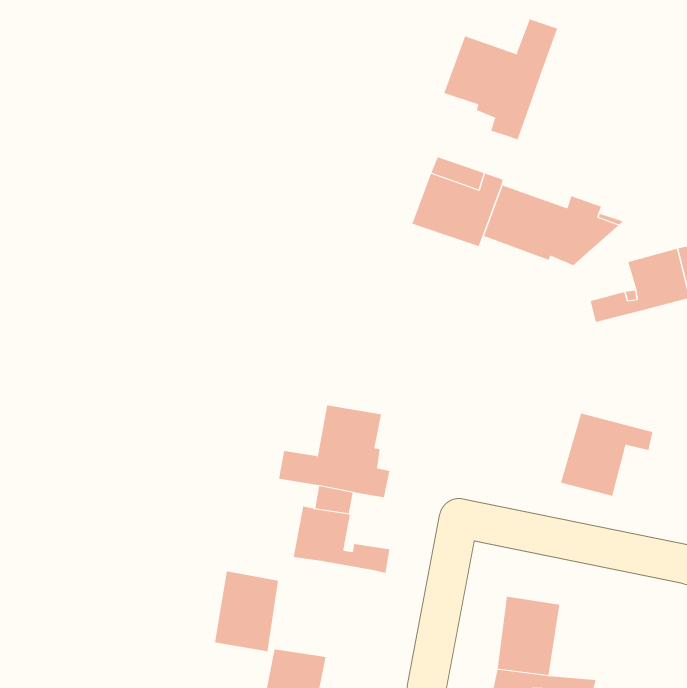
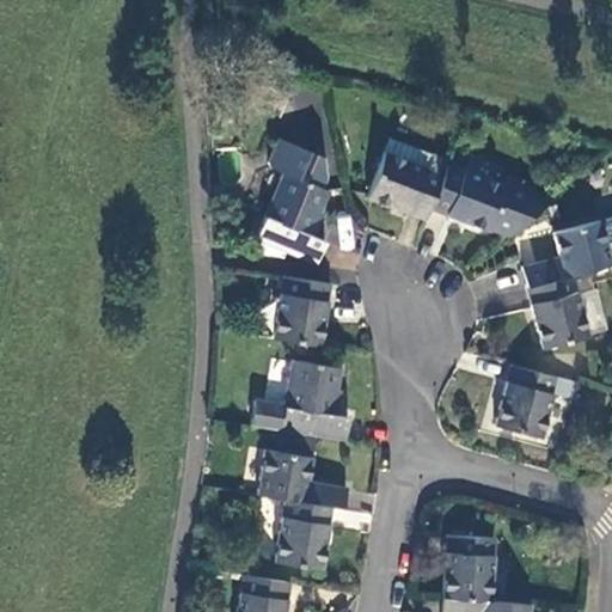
building: [444,18,558,140] -> none
building: none -> [255,141,326,264]
building: none -> [530,275,592,349]
building: none -> [269,276,326,345]
building: [214,571,279,652] -> [276,498,333,570]

